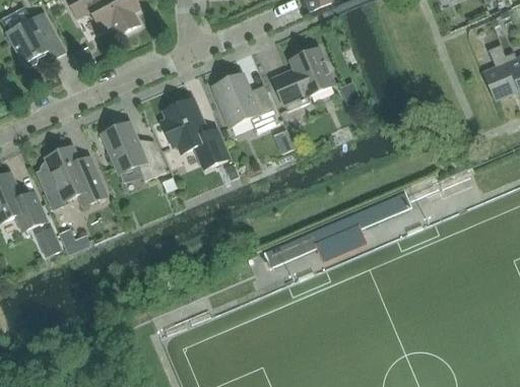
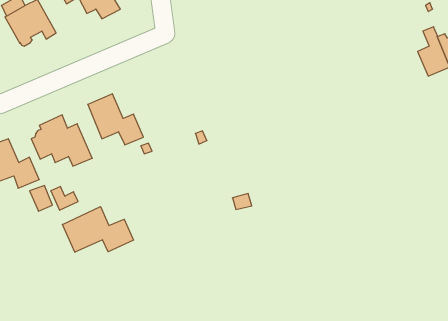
building: [272,48,334,111] -> none
building: [214,73,279,132] -> none
building: [162,99,228,168] -> none
building: none -> [62,207,134,252]

